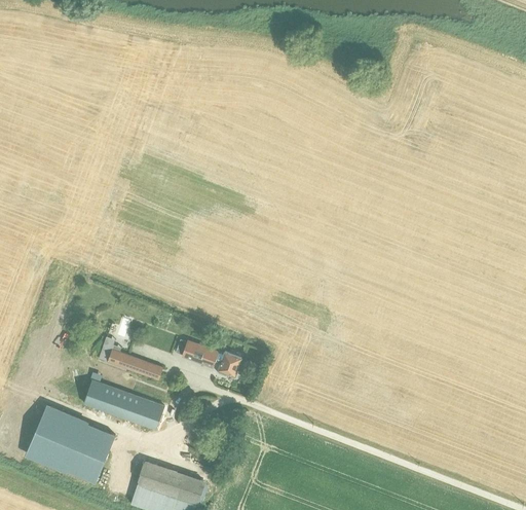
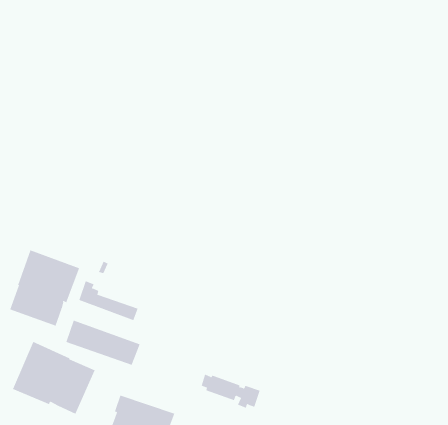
building: none -> [10,249,80,327]
building: [177,338,242,376] -> [201,374,261,408]

